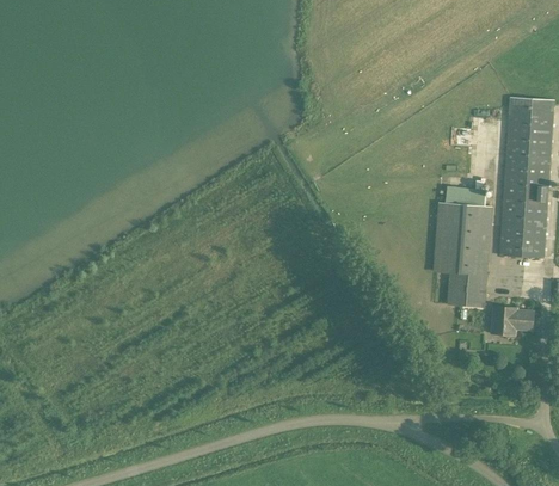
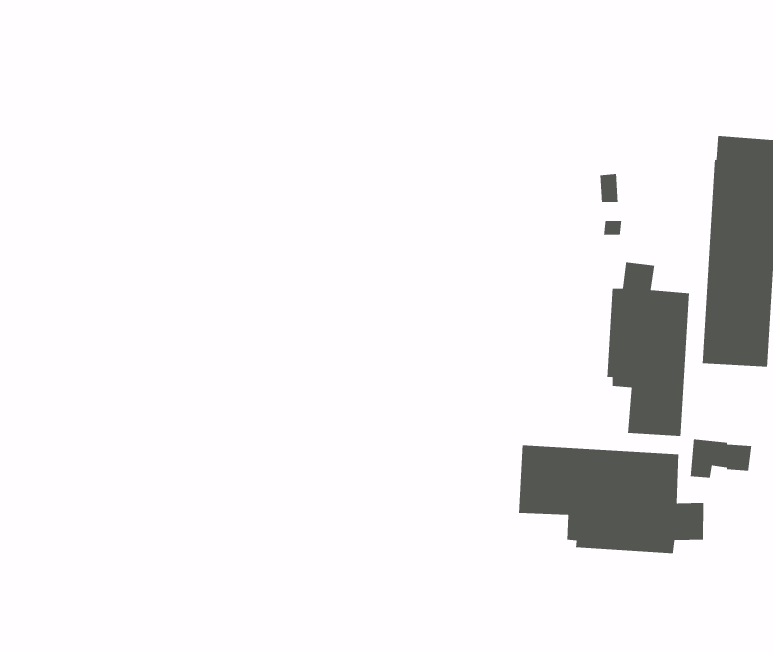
building: none -> [518,444,704,554]

